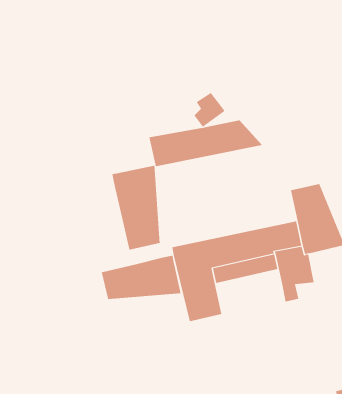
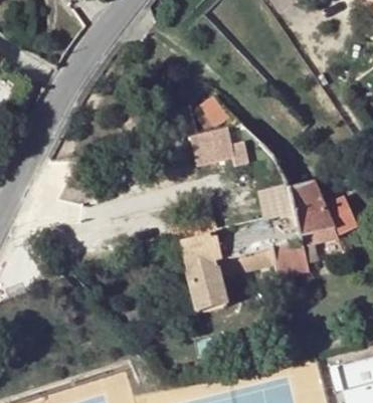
building: [112,165,160,251] -> none
building: [101,255,181,300] -> none

